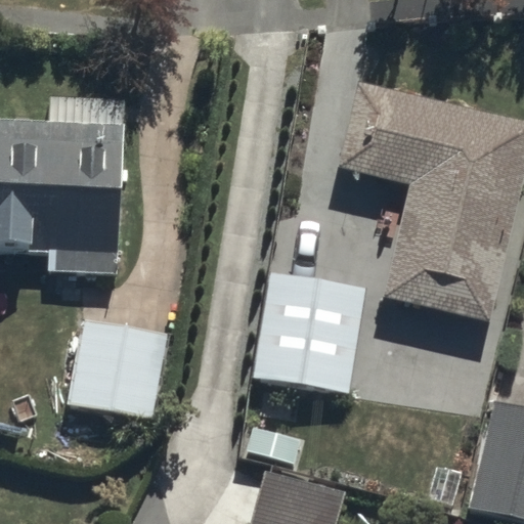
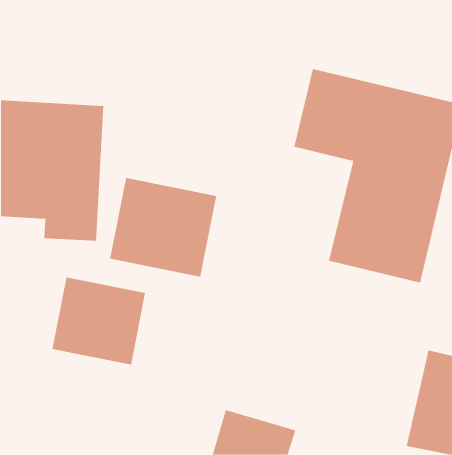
building: none -> [110,177,217,278]
building: [253,271,364,396] -> none

